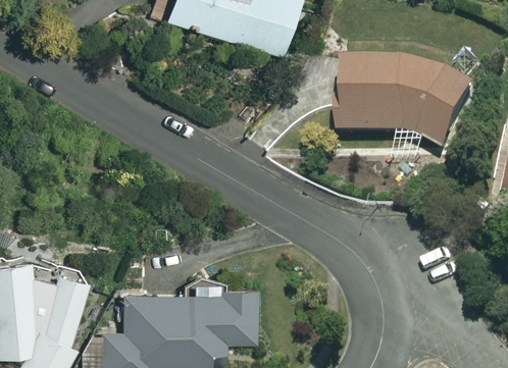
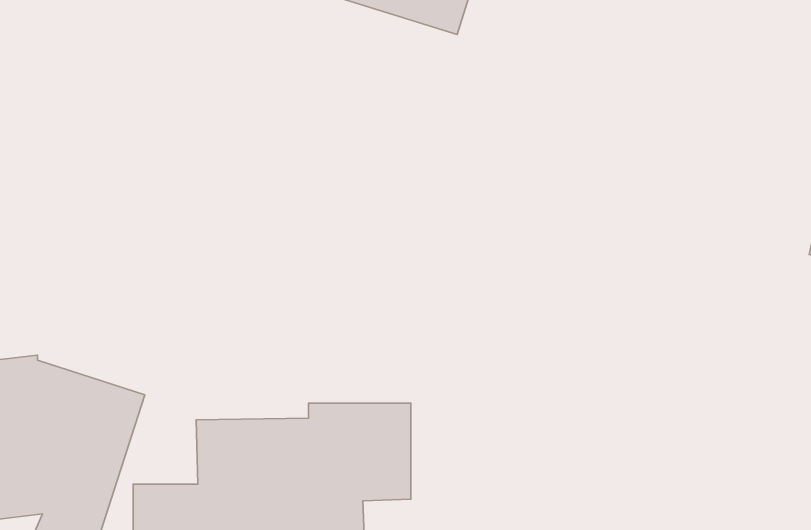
building: [342,64,472,150] -> none

